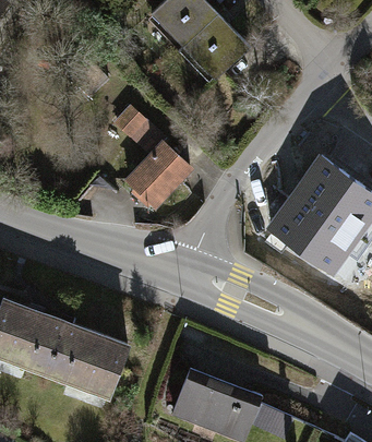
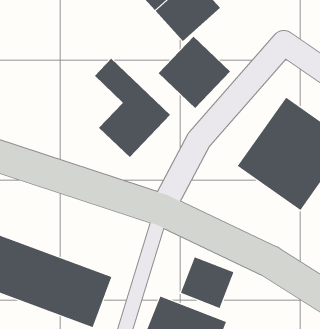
building: none -> [158,36,231,109]
building: none -> [180,256,234,309]

